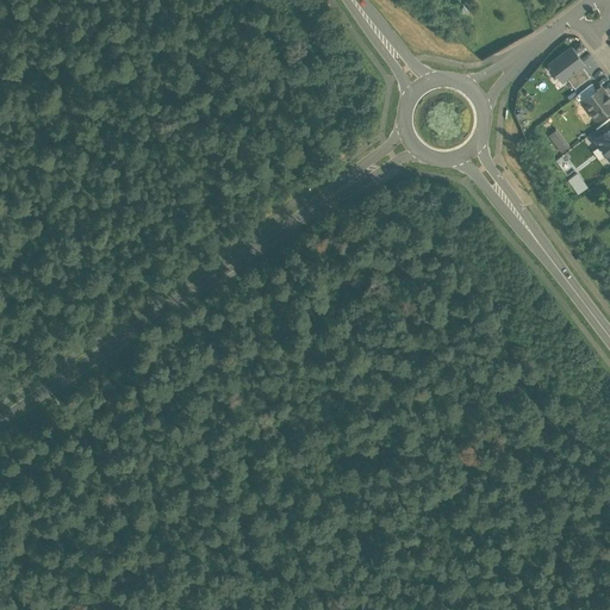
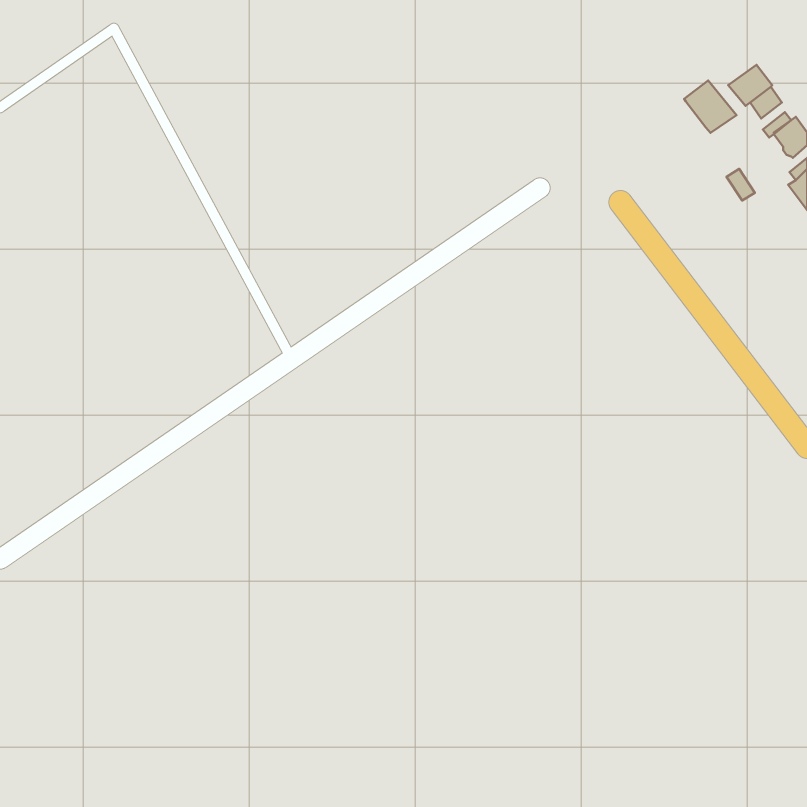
building: none -> [684,80,736,133]

